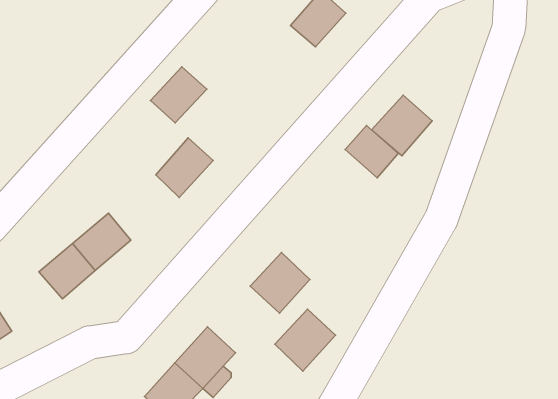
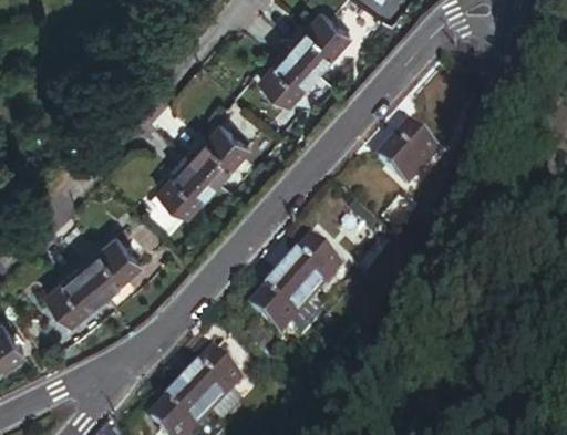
building: none -> [264,51,318,106]
building: [151,67,207,123] -> [193,128,248,184]
building: [345,125,398,178] -> none
building: [275,309,336,371] -> [285,240,344,301]

